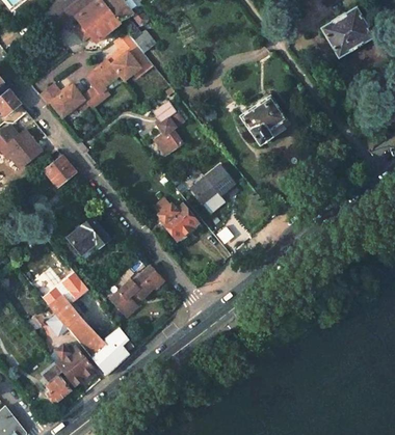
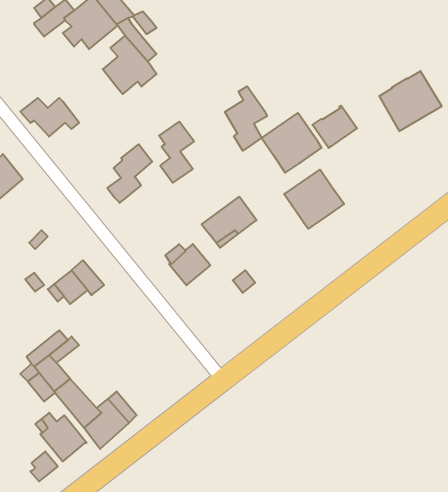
building: [321,7,373,57] -> [379,71,442,131]
building: [81,59,118,108] -> [107,144,152,203]
building: none -> [225,86,267,151]
building: none -> [312,106,357,148]
building: none -> [284,170,344,229]
building: [44,156,75,187] -> none
building: [110,271,165,317] -> none

